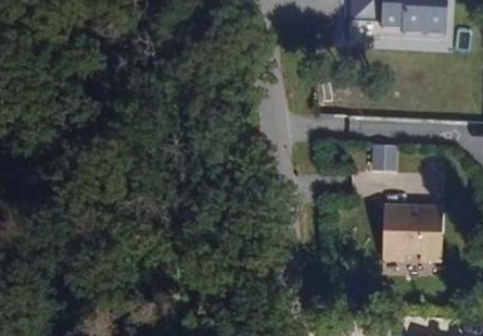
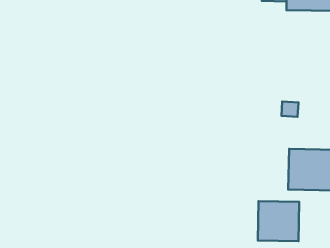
building: none -> [258,201,299,241]

